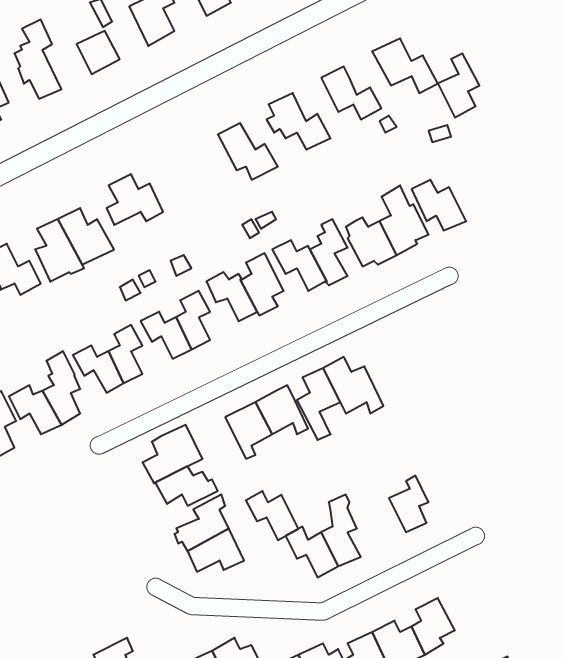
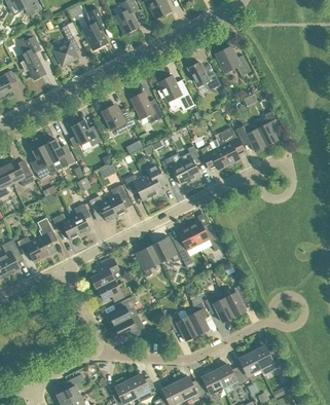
building: [438,53,479,118] -> [257,111,280,146]
building: none -> [101,103,133,133]
building: [246,491,298,540] -> [205,295,233,322]
building: none -> [251,345,281,369]

